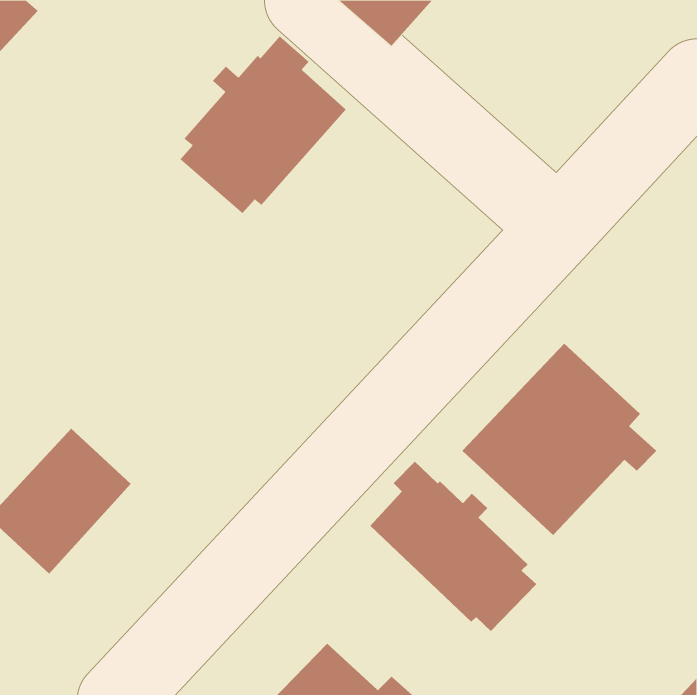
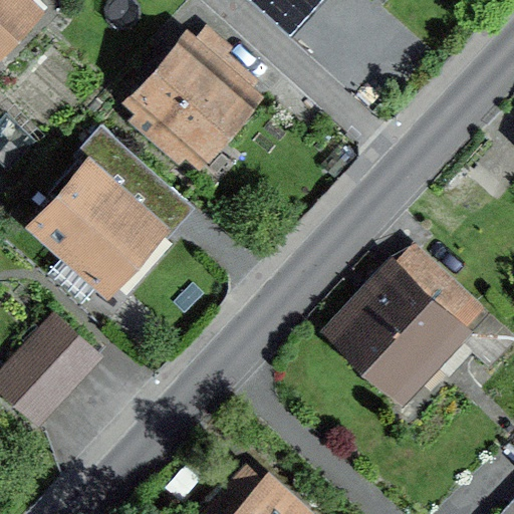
building: none -> [38,126,151,279]
building: [369,461,537,632] -> none

